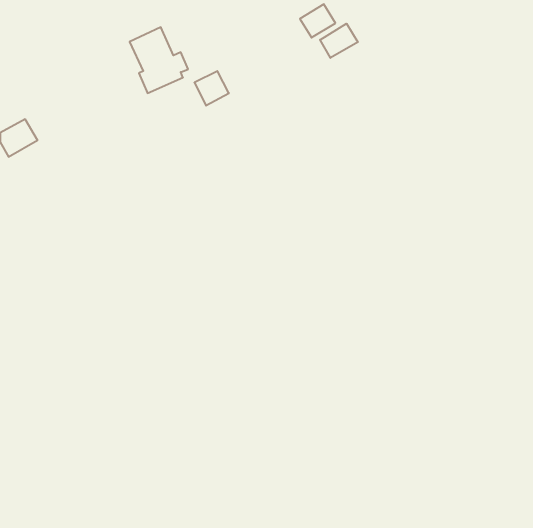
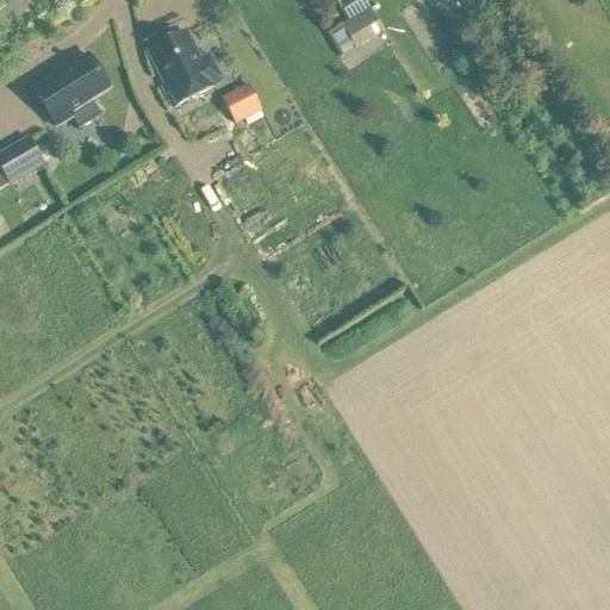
building: [320,24,358,58] -> none
building: none -> [33,51,111,126]

